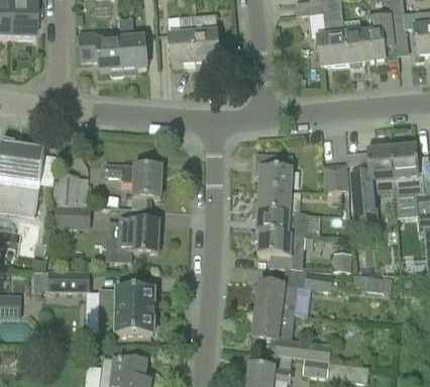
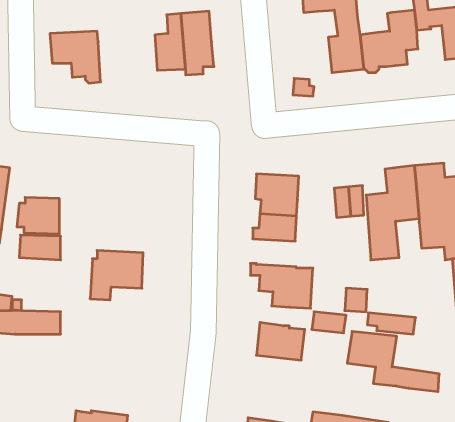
building: [118,18,146,75] -> none
building: [105,164,162,197] -> none
building: [251,209,305,234] -> none
building: [99,289,153,333] -> none
building: [251,309,330,361] -> [347,331,439,392]

